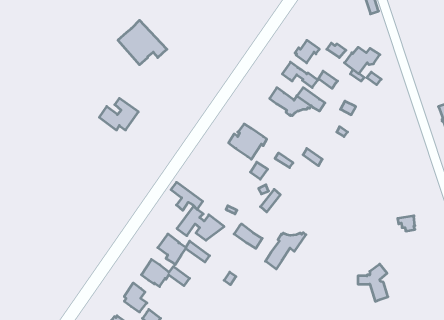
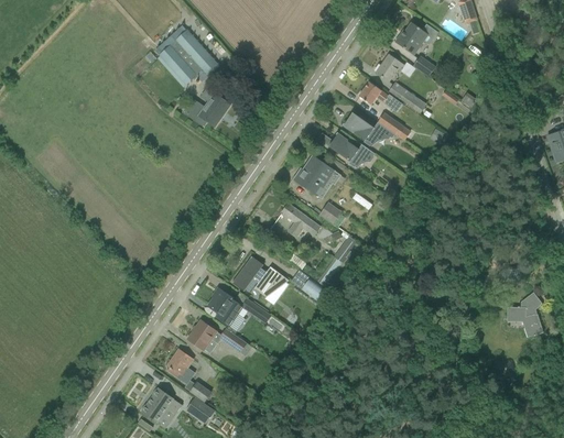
building: [344,47,380,74] -> [395,23,438,55]
building: [99,98,138,130] -> [183,88,230,127]
building: none -> [328,134,375,168]
building: [171,182,203,210] -> [282,204,321,238]
building: [265,233,306,269] -> none
building: [358,264,388,301] -> [507,293,543,338]

